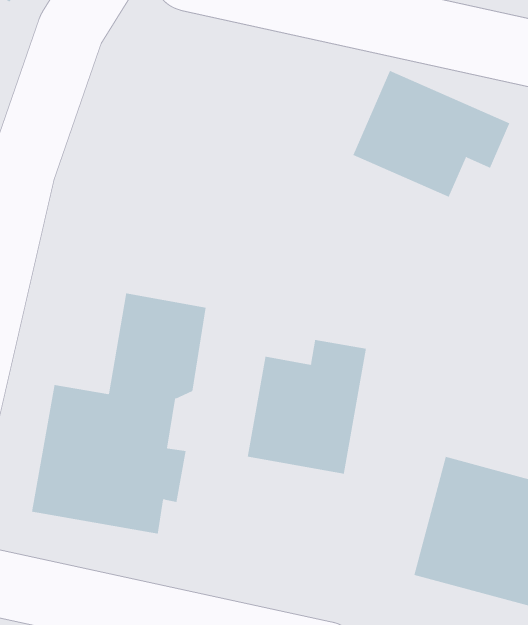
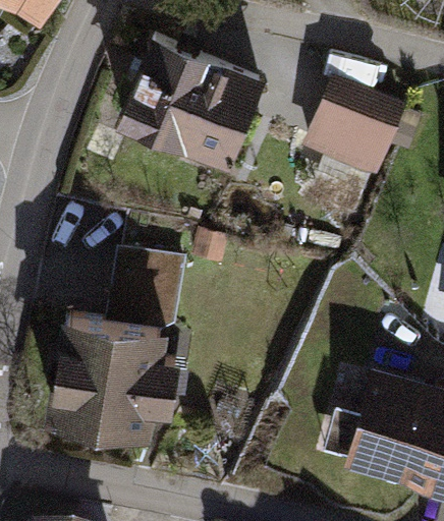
building: none -> [129,40,265,160]
building: [247,339,366,475] -> none

